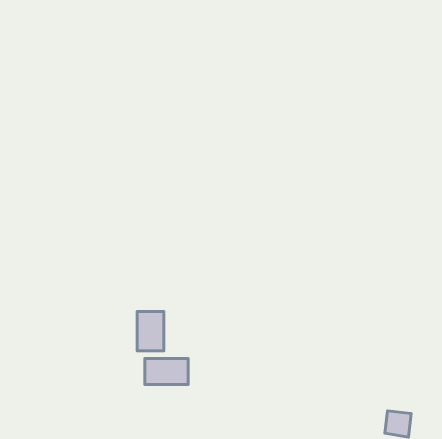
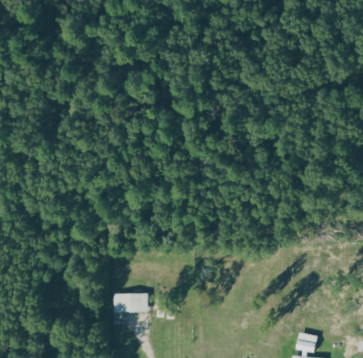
building: [137,312,164,351] -> none

